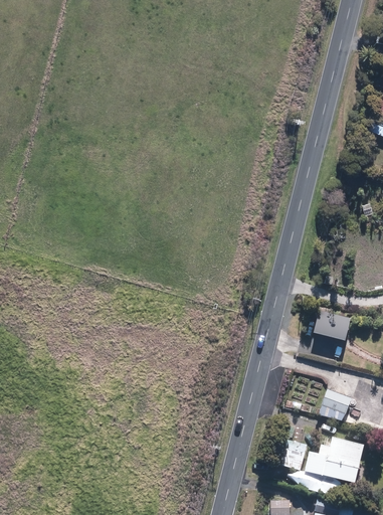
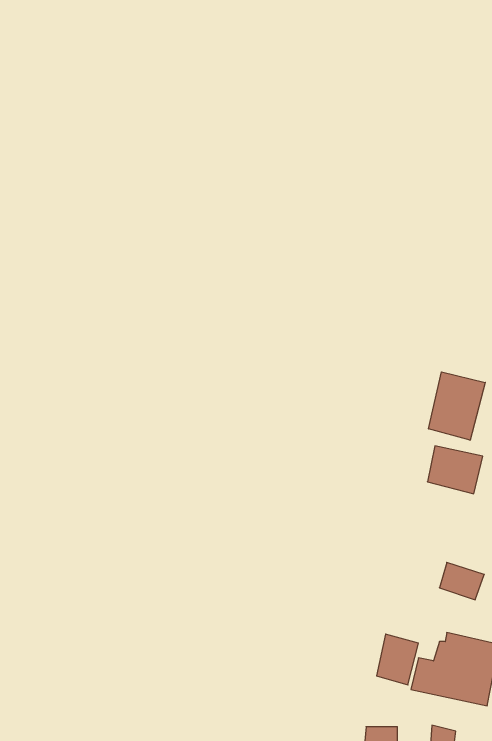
building: none -> [429,372,485,440]

